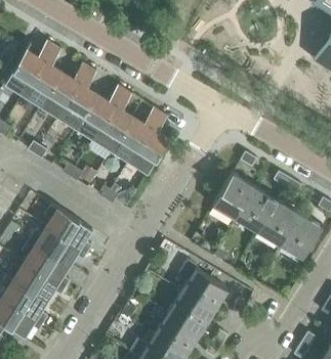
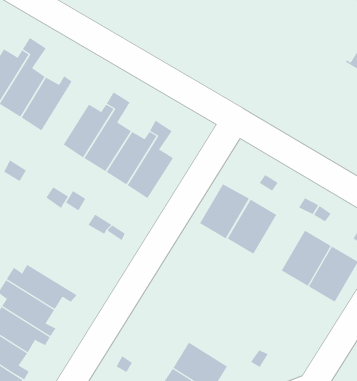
building: [58,62,97,128] -> none
building: [235,186,277,232] -> [199,184,250,239]
building: [44,204,92,253] -> none
building: [179,261,227,312] -> none

